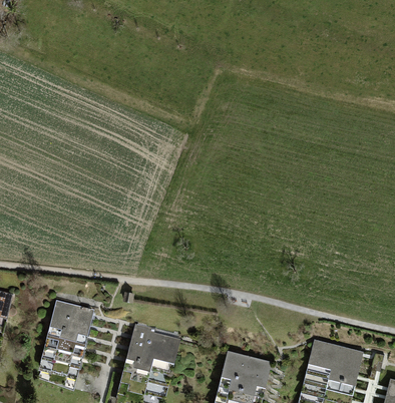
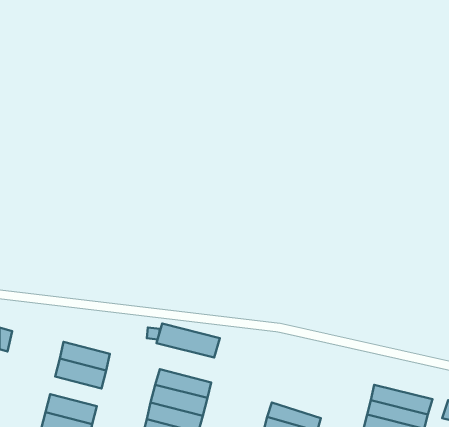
building: none -> [157,324,220,358]
building: [43,329,86,354] -> none

